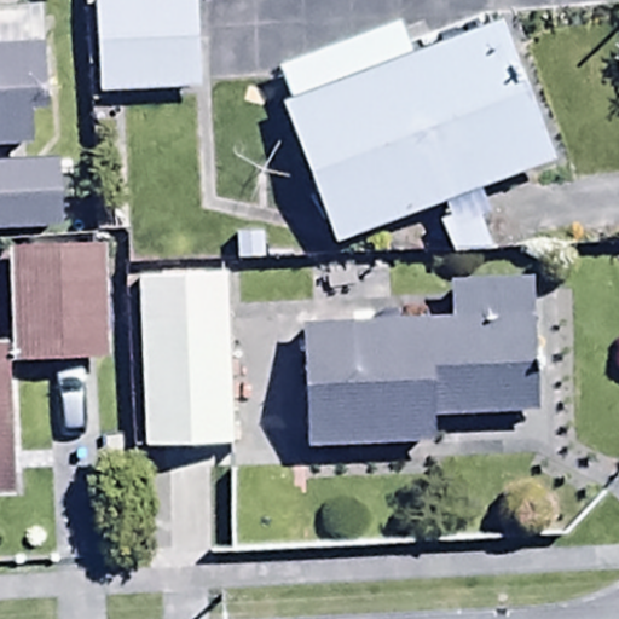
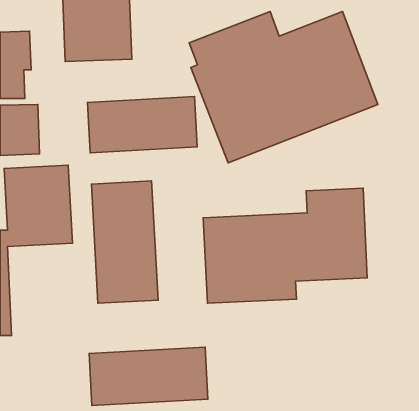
building: none -> [87,96,197,153]
building: none -> [89,347,208,405]

